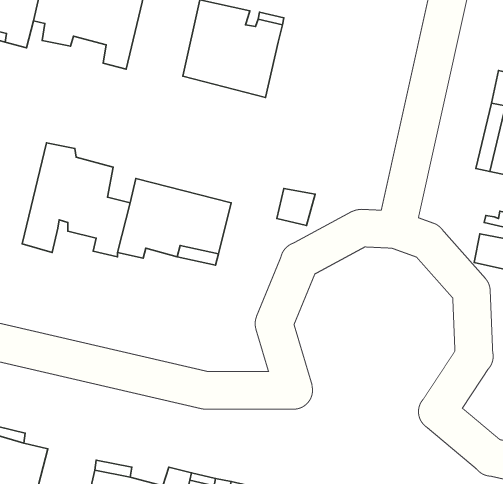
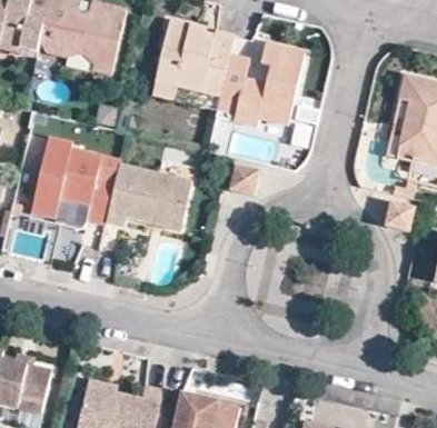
building: none -> [217,42,307,127]

